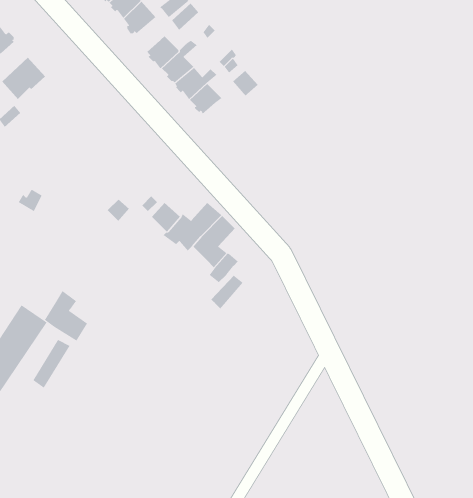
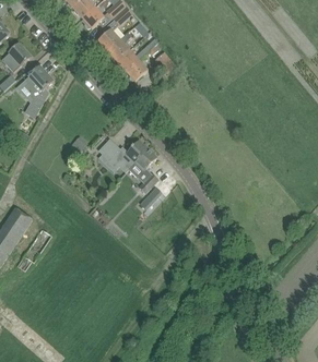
building: none -> [25,65,52,116]
building: [44,290,88,341] -> none

